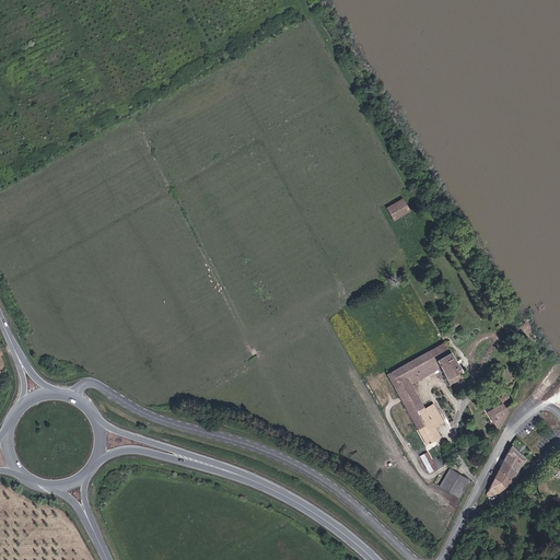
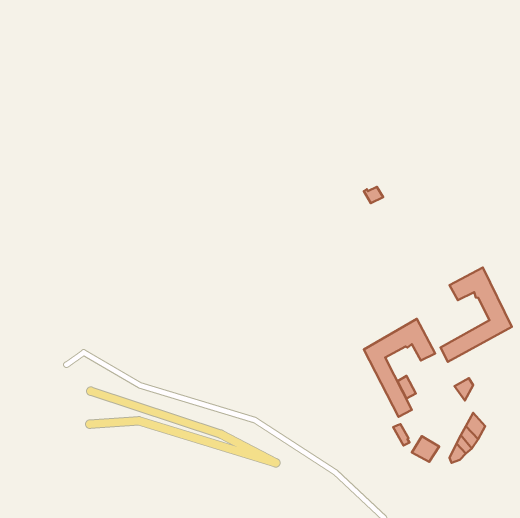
building: none -> [440,267,512,362]

